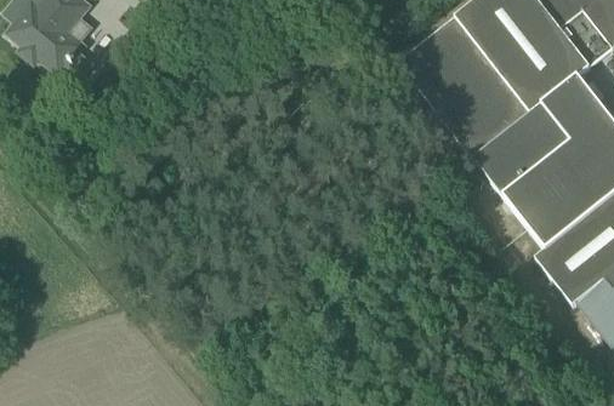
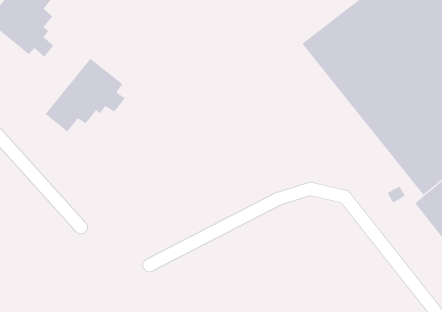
building: none -> [45,58,126,132]

